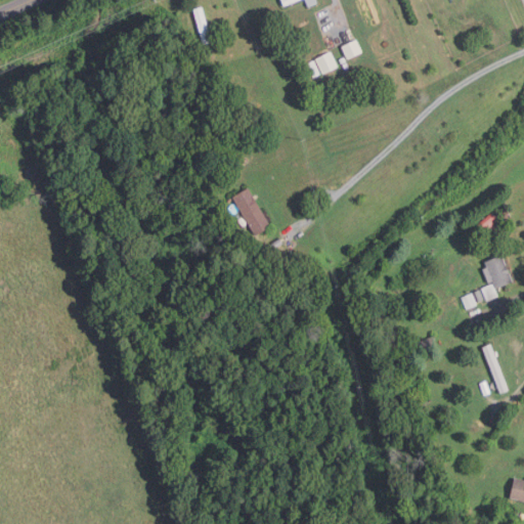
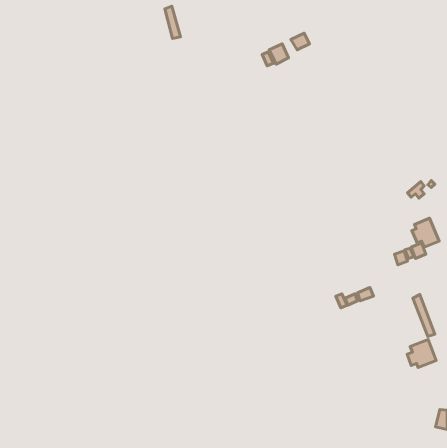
building: [231,187,270,235] -> none
building: none -> [407,339,436,367]

